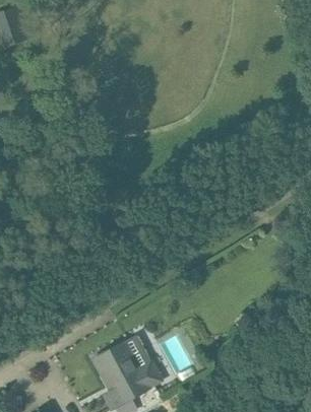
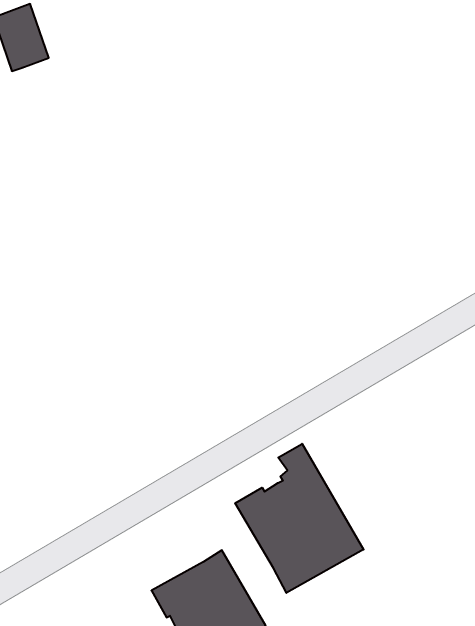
building: none -> [235,444,364,593]

